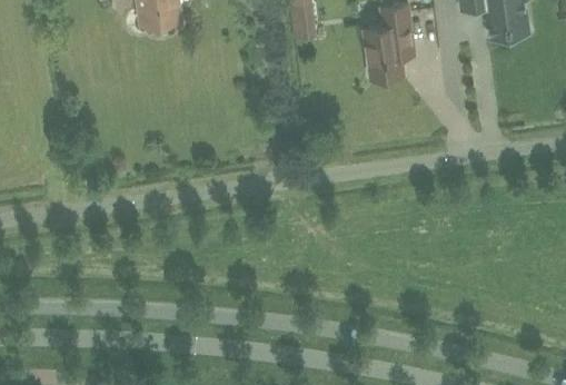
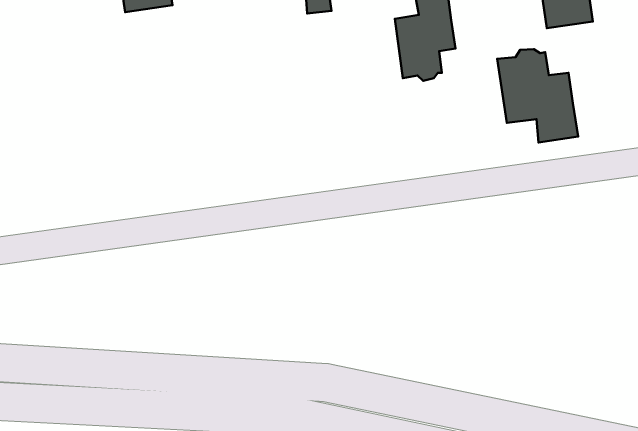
building: none -> [497,49,578,143]

